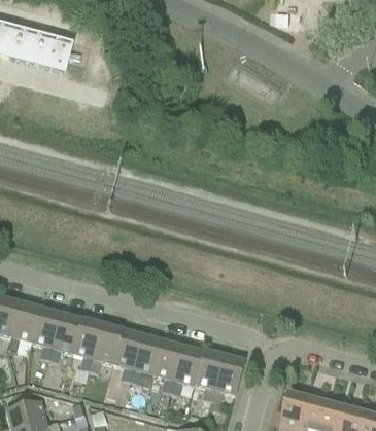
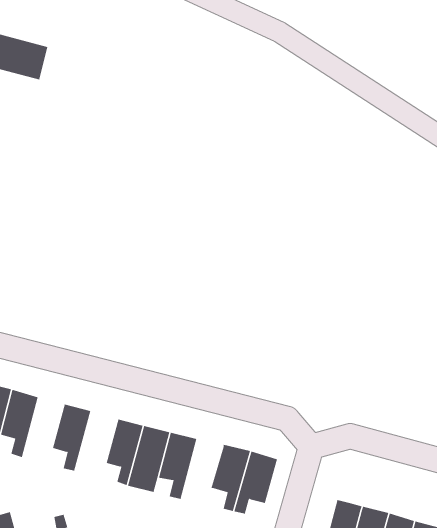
building: [48,312,80,360] -> none
building: [89,322,122,371] -> none
building: [170,344,202,393] -> none

